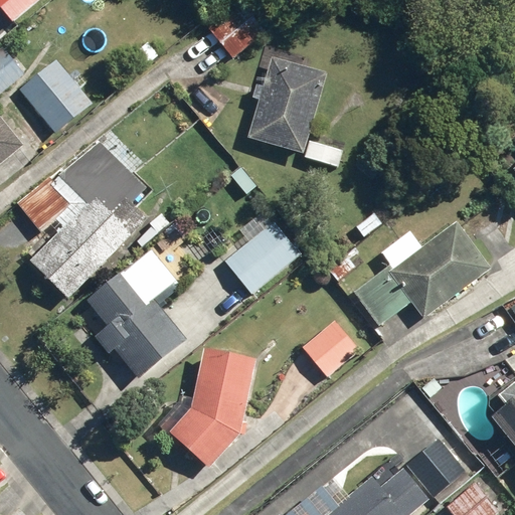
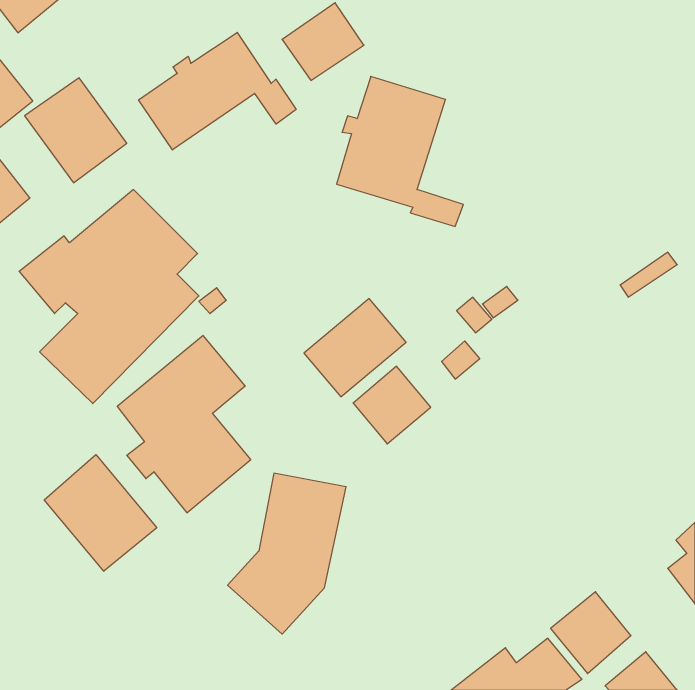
building: none -> [139,32,296,150]
building: [352,222,490,323] -> none
building: [301,319,358,376] -> [353,366,431,444]
building: none -> [44,455,157,571]

